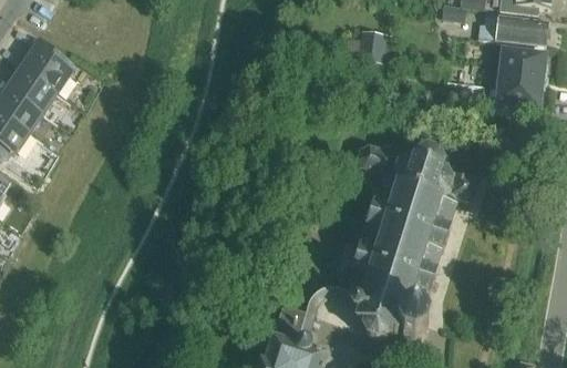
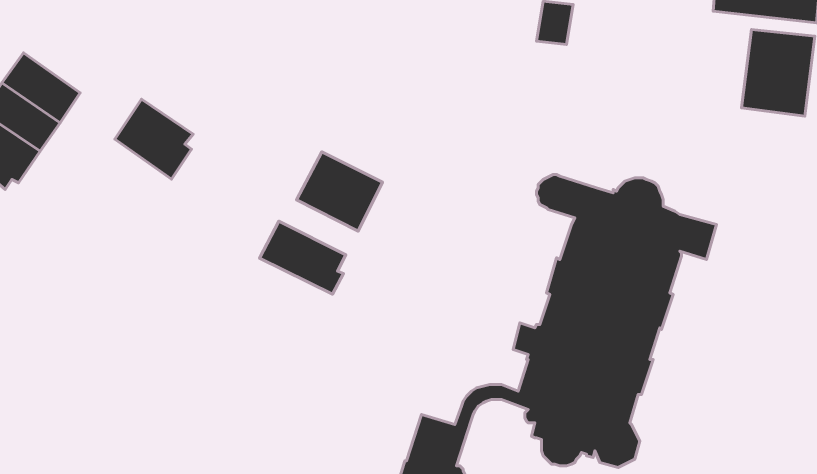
building: [19,40,71,93] -> [115,99,193,179]
building: none -> [296,152,383,231]
building: none -> [260,221,346,294]

